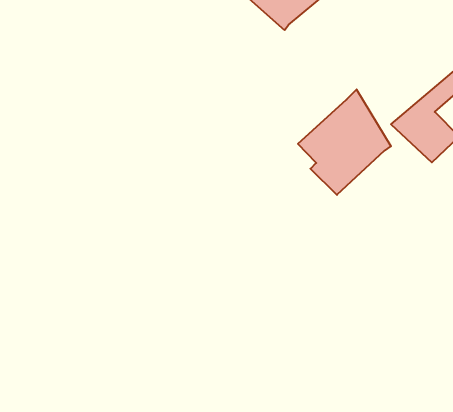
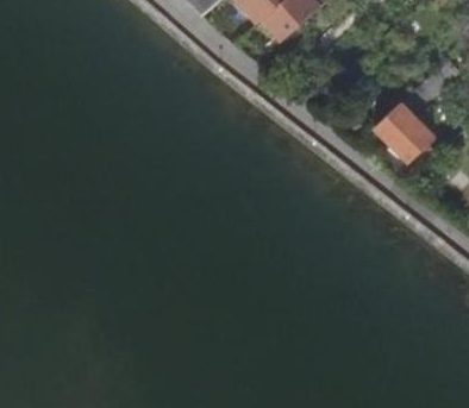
building: [298,89,391,195] -> none

